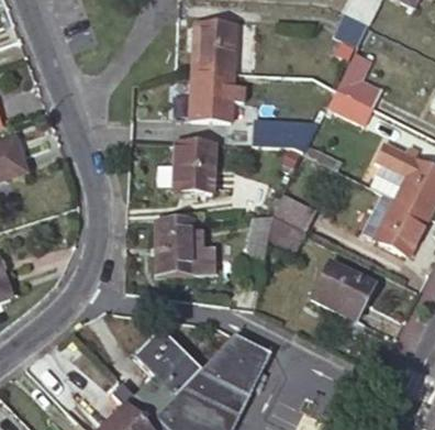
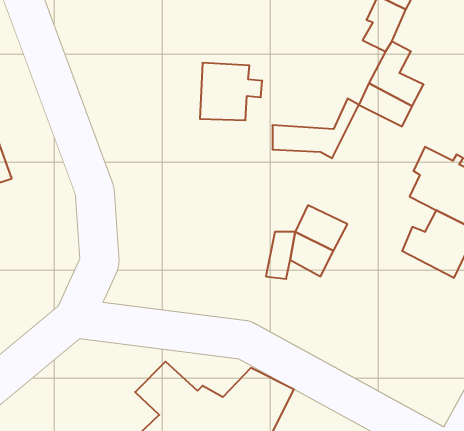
building: [192,22,236,73] -> none
building: [172,141,215,192] -> none
building: [155,218,214,275] -> none
building: [312,262,376,319] -> none

